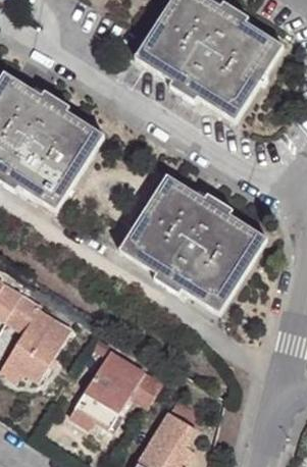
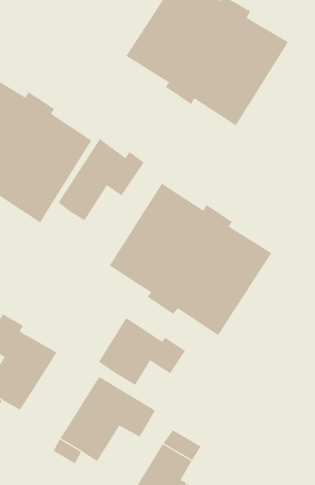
building: none -> [58,138,144,221]
building: none -> [98,317,186,386]

